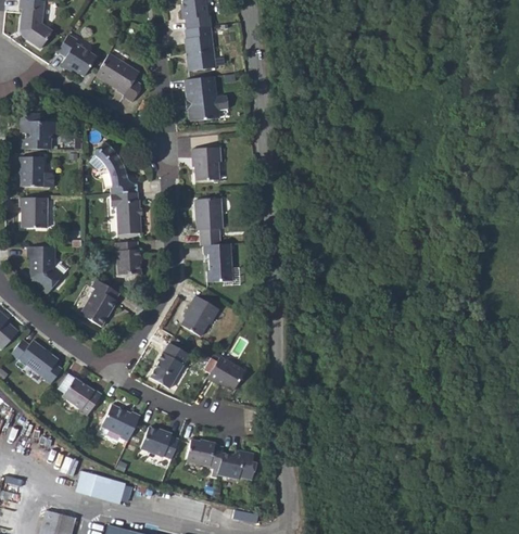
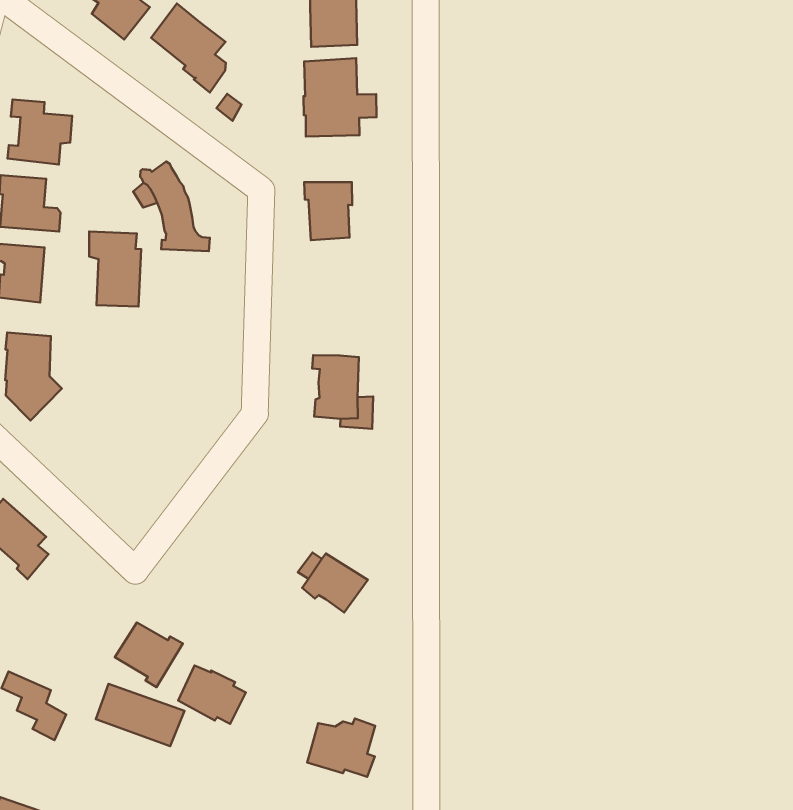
building: [112,191,143,233] -> [89,232,141,306]
building: [193,199,221,245] -> none
building: [116,241,142,275] -> none
building: [79,278,121,327] -> none
building: [181,295,218,334] -> none
building: [153,343,191,390] -> none
building: [62,380,101,418] -> none
building: [187,441,224,471] -> none
building: [76,471,126,504] -> [96,684,185,746]

